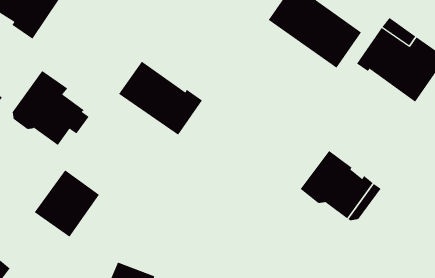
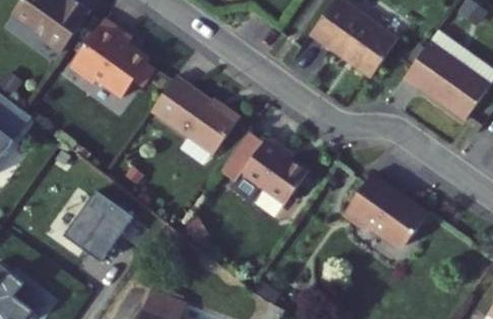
building: [12,70,89,146] -> [73,19,155,99]
building: none -> [223,132,309,206]

